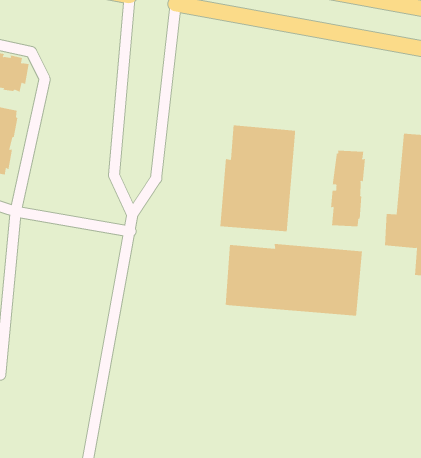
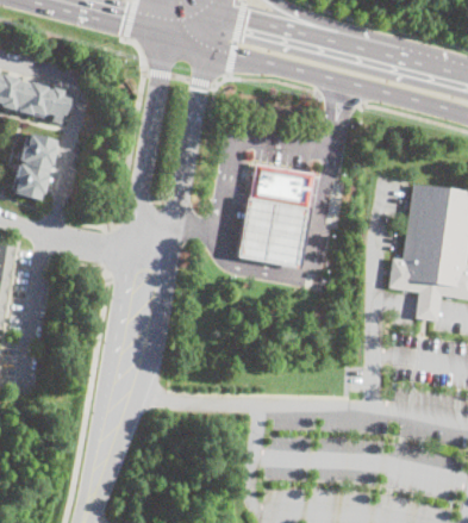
building: [331,150,365,227] -> none
building: [225,243,363,317] -> none

